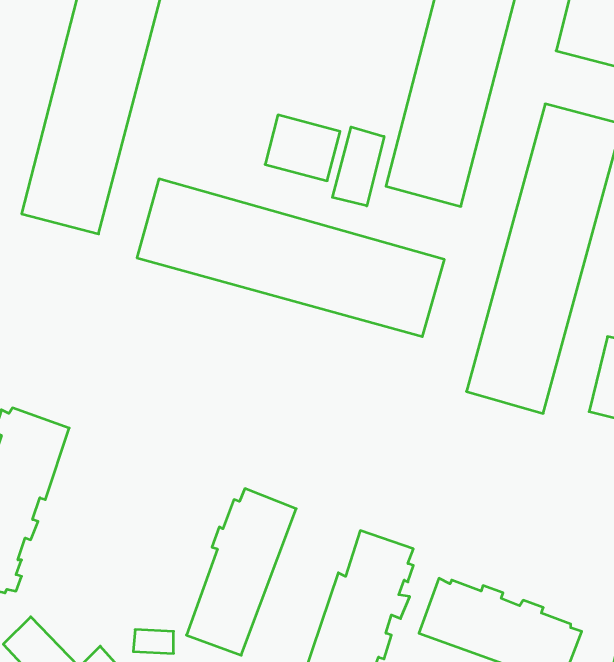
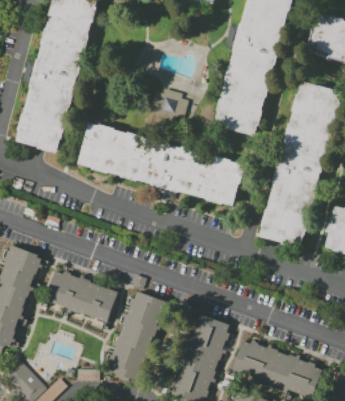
building: [332,127,384,206] -> none
building: none -> [45,270,117,321]

